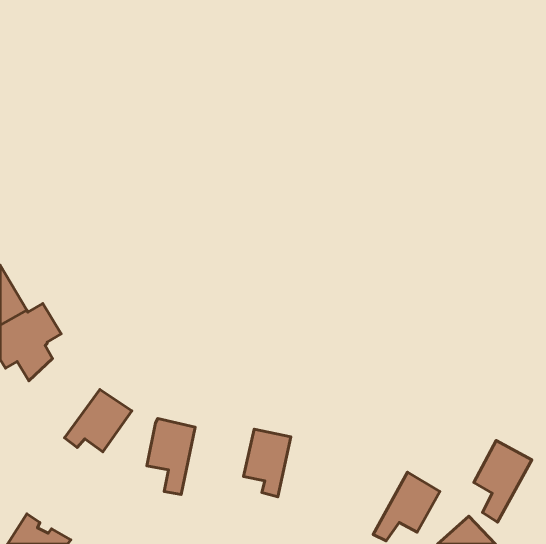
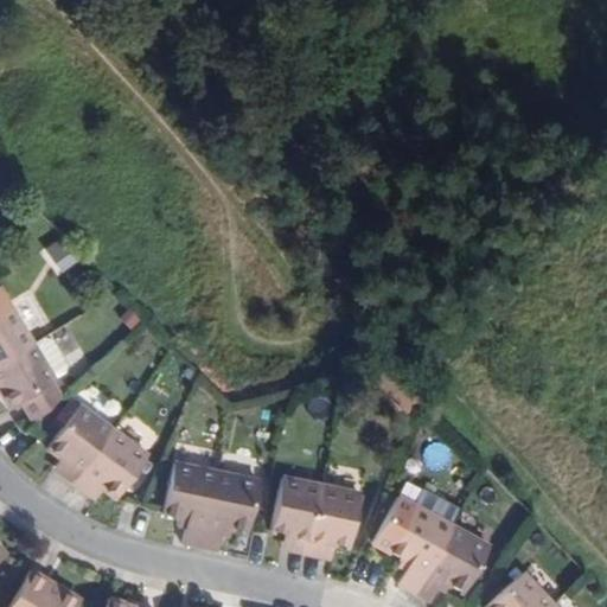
building: none -> [46,405,113,485]
building: none -> [203,472,258,550]
building: none -> [309,483,360,552]
building: [474,441,532,522] -> [389,500,453,590]

